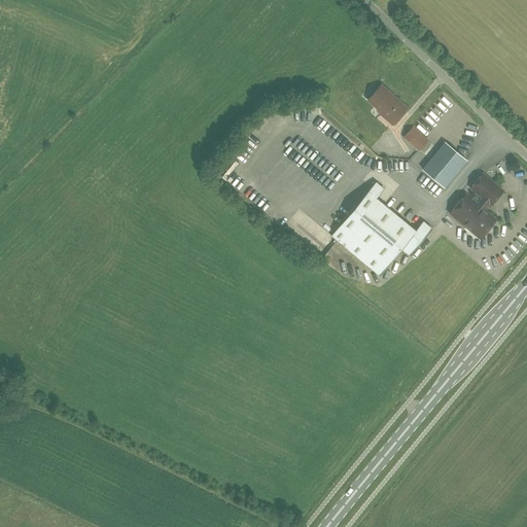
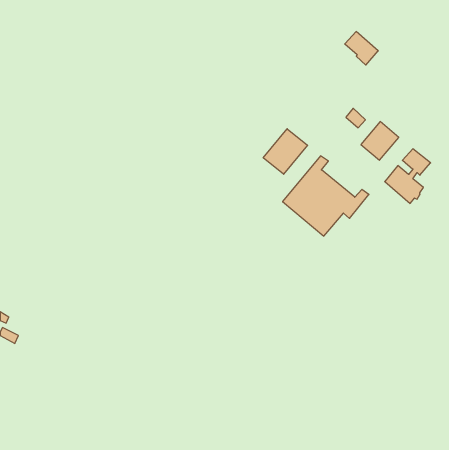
building: [368,85,408,125] -> [345,32,378,65]
building: none -> [263,129,308,174]

